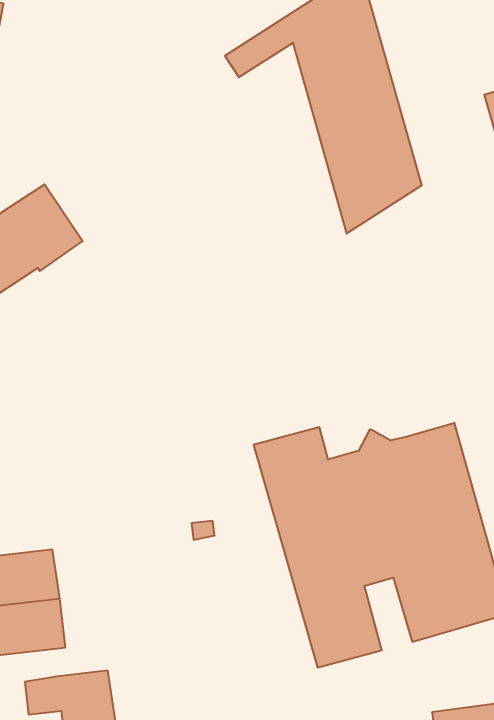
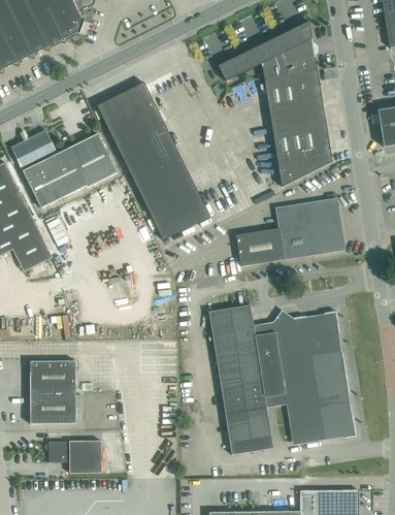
building: none -> [97,82,210,239]
building: none -> [236,197,345,266]

